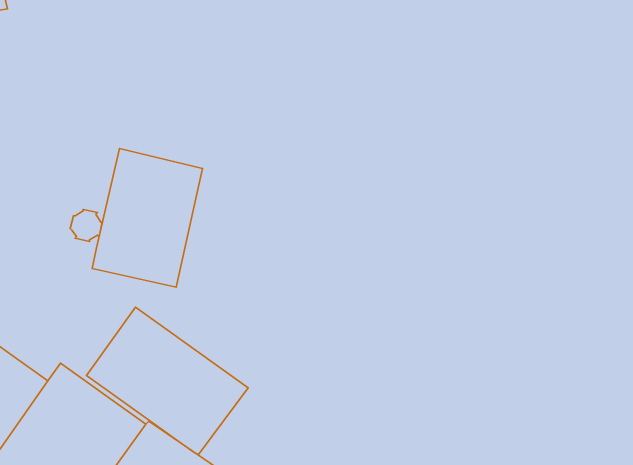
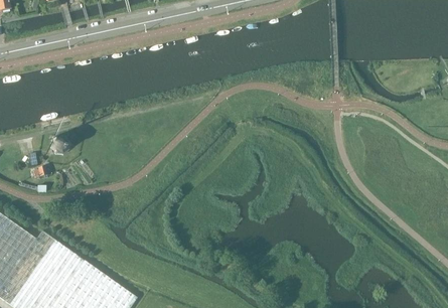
building: [92,149,202,287] -> none
building: [86,307,248,454] -> none

